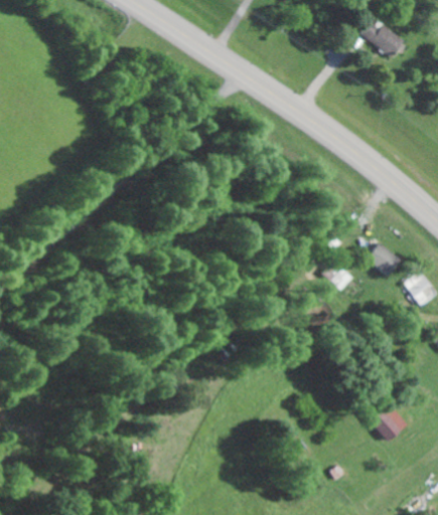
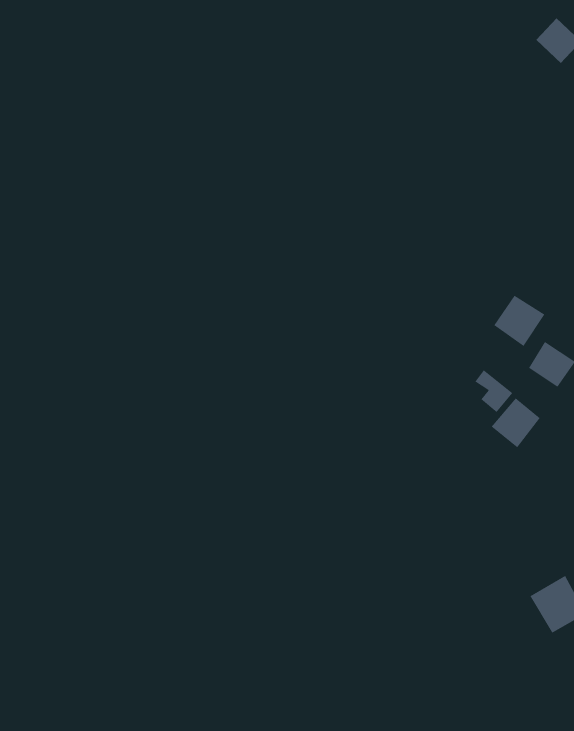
building: none -> [494,295,545,347]
building: none -> [491,397,540,448]

